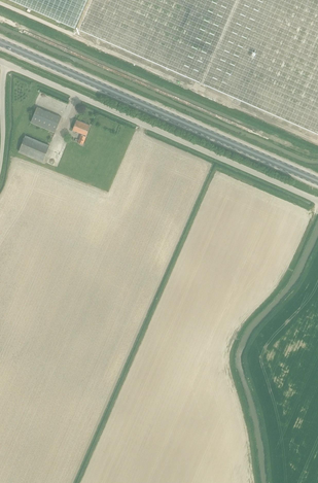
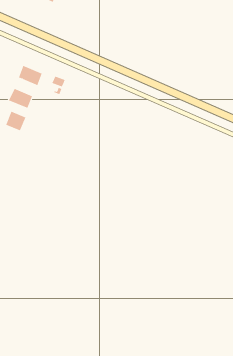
building: none -> [6,111,26,131]

